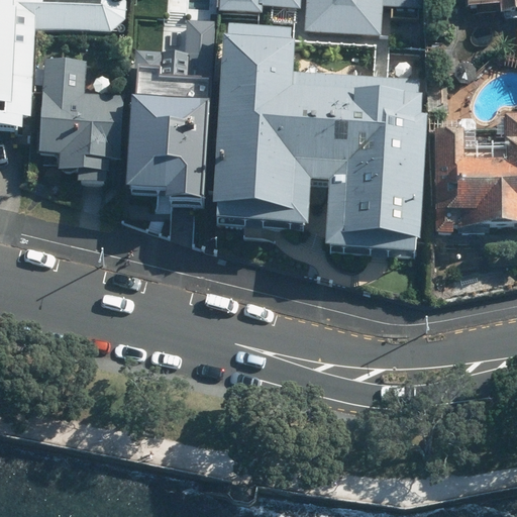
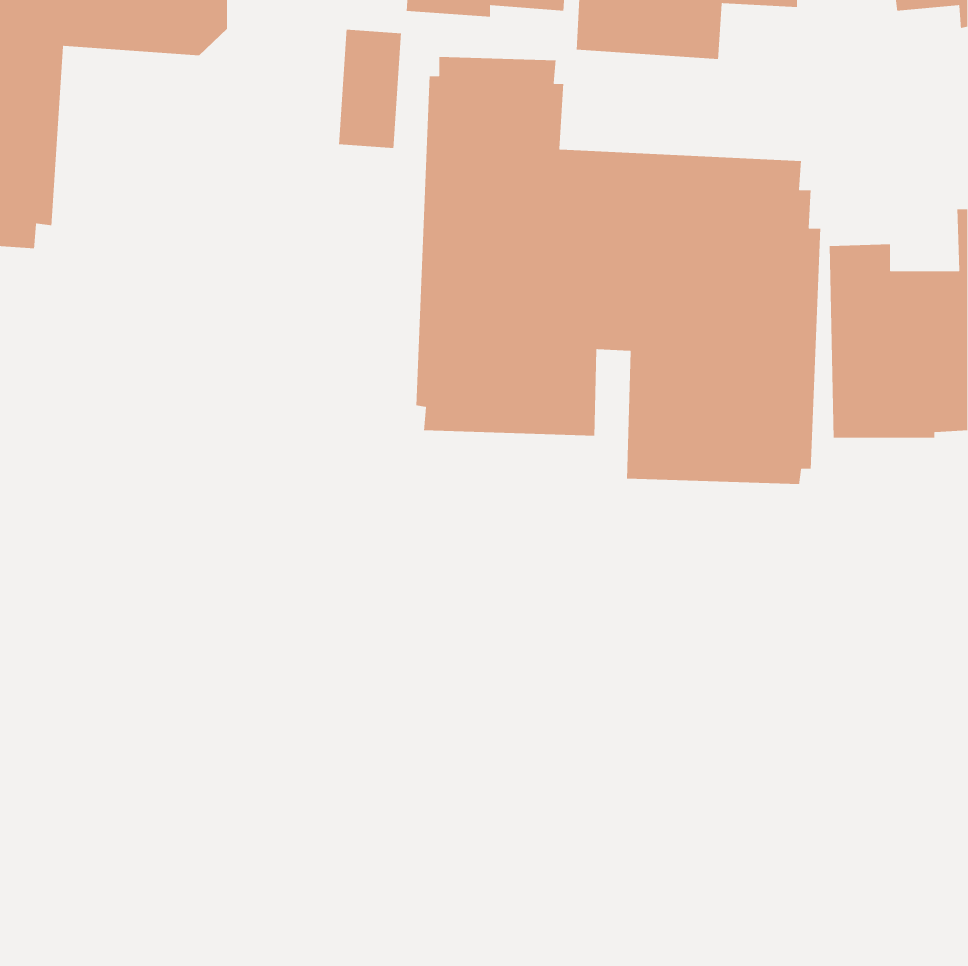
building: [34,55,119,182] -> none
building: [128,66,211,207] -> none

